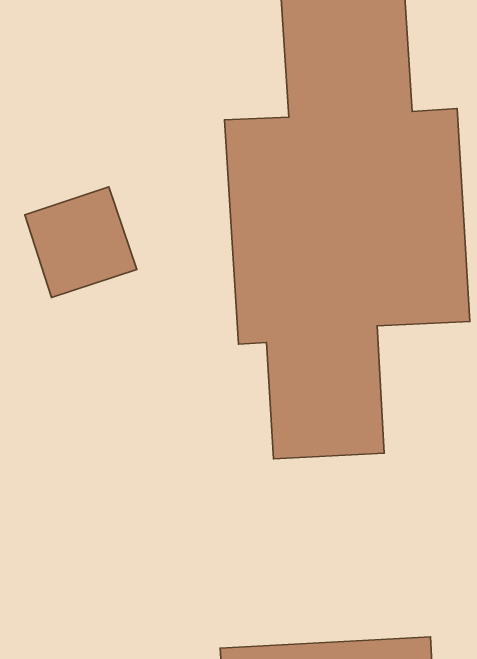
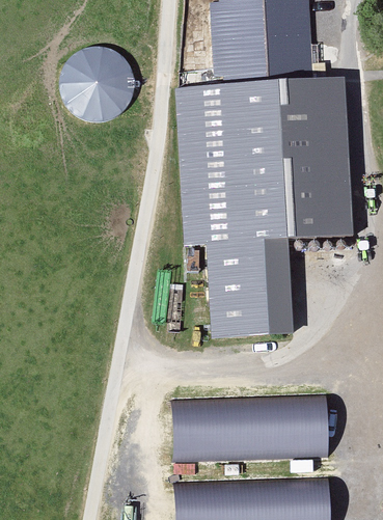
building: [25,187,137,298] -> [58,39,141,121]
building: none -> [165,395,323,461]

